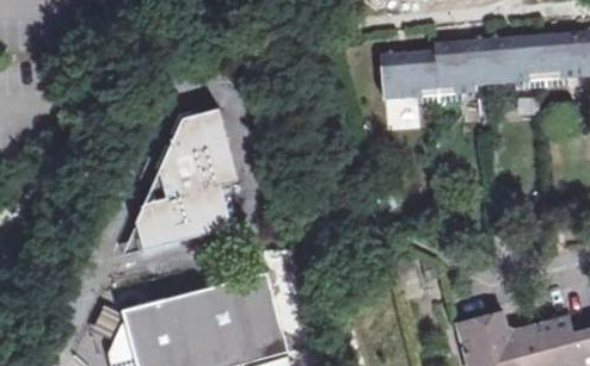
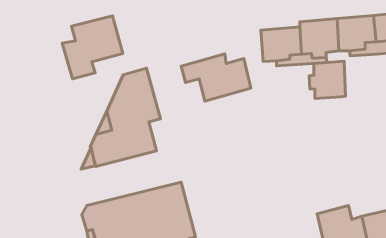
building: none -> [62,16,123,79]
building: none -> [181,54,251,101]
building: none -> [309,61,345,98]

